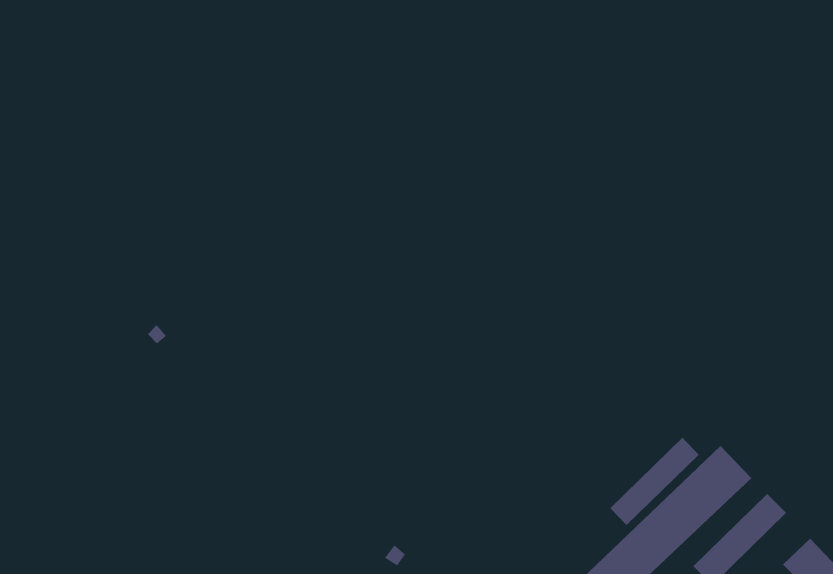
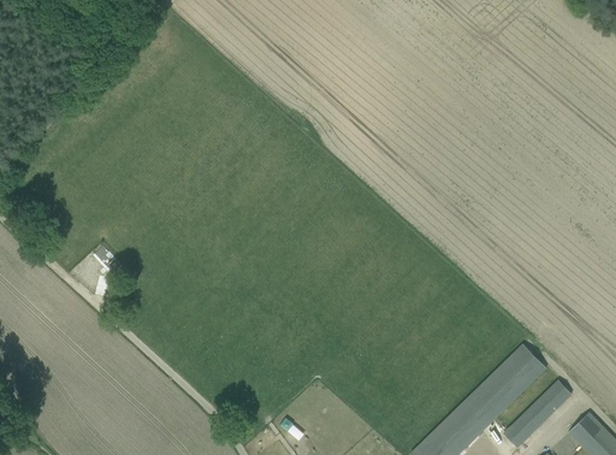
building: [610,437,699,526] -> none

